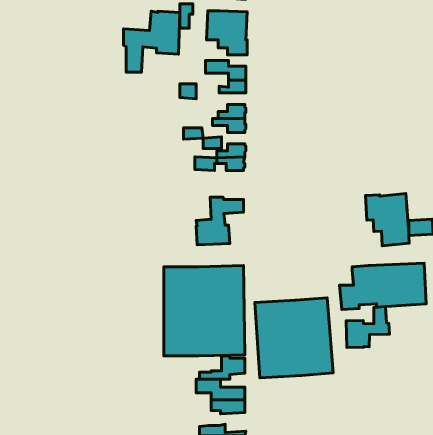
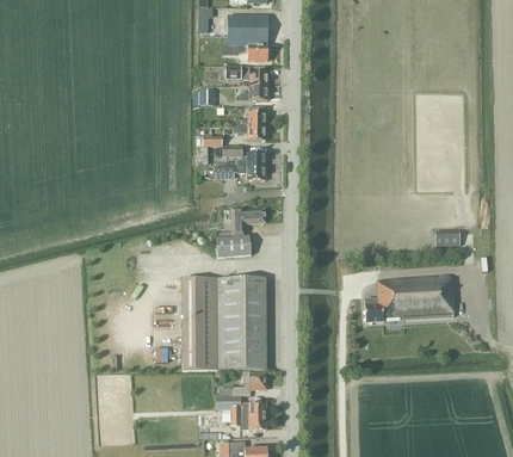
building: [123,11,180,72] -> none
building: [366,194,409,246] -> none
building: [255,298,333,378] -> none
building: [346,307,389,347] -> none

